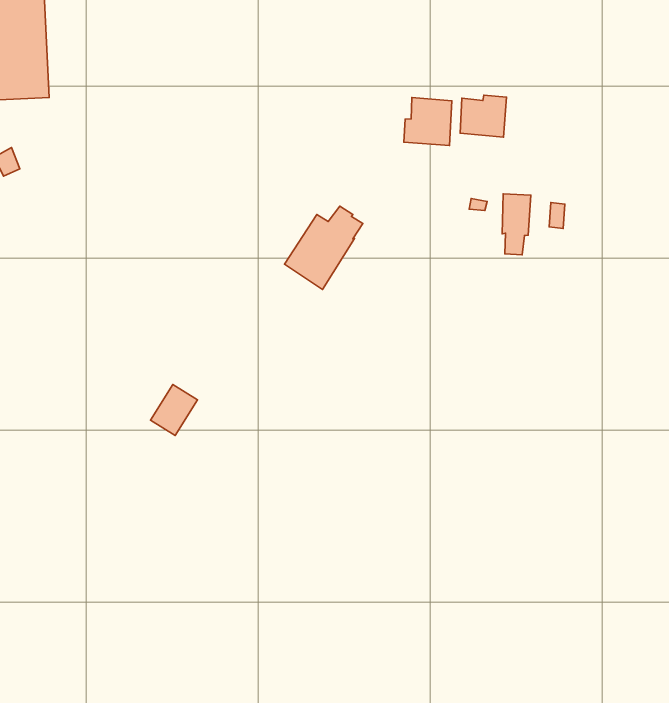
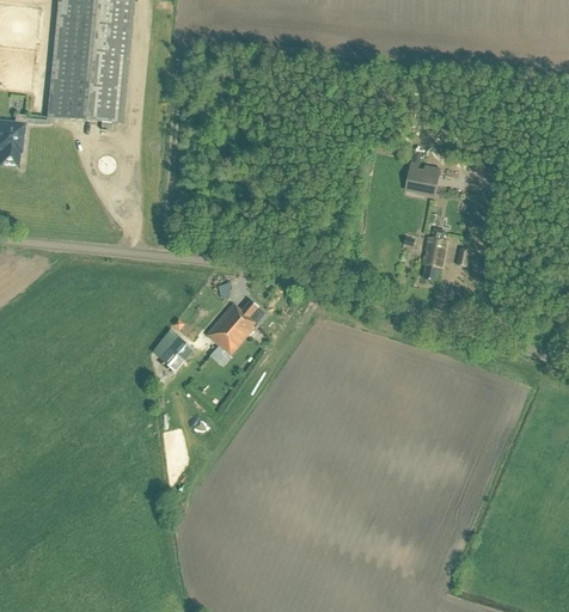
building: [404,98,452,145] -> none
building: [284,206,363,290] -> [204,298,263,354]

